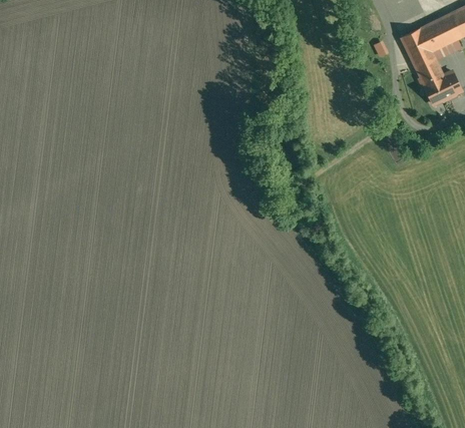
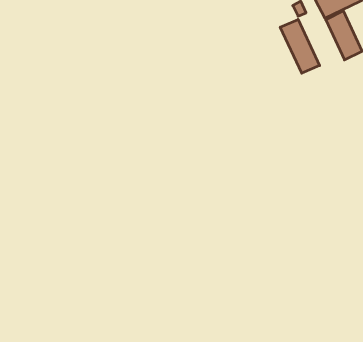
building: none -> [280,19,320,73]

